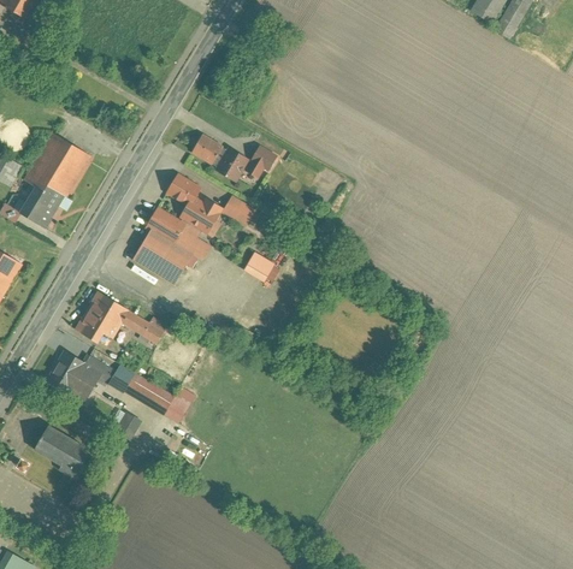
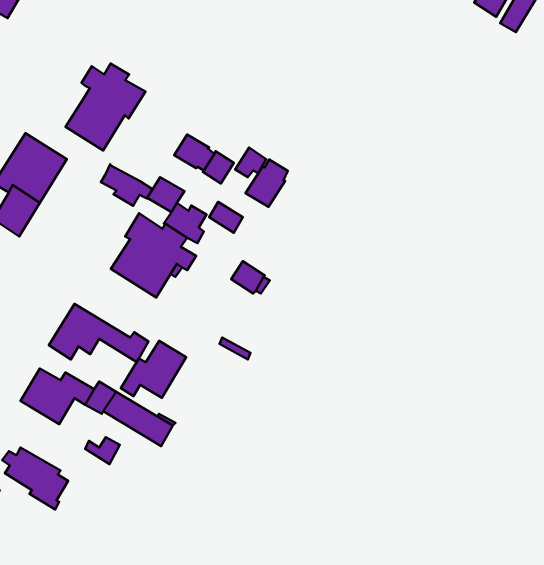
building: none -> [65,63,145,151]
building: none -> [245,160,288,207]
building: none -> [101,164,153,206]
building: none -> [121,341,186,398]

